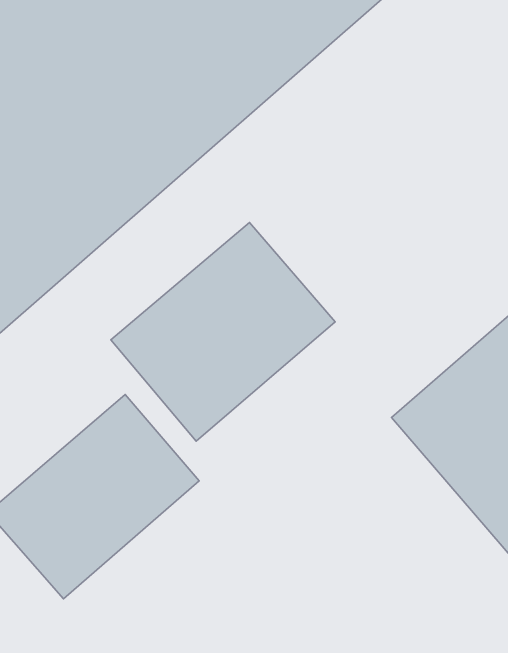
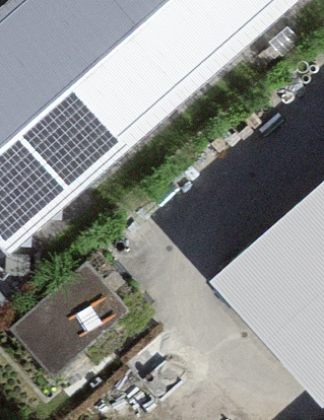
building: [111,223,335,441] -> none

